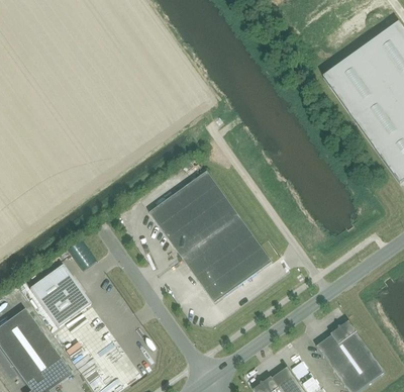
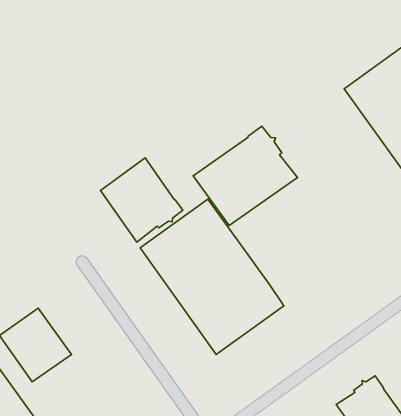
building: none -> [193,126,297,226]
building: none -> [100,158,183,242]

